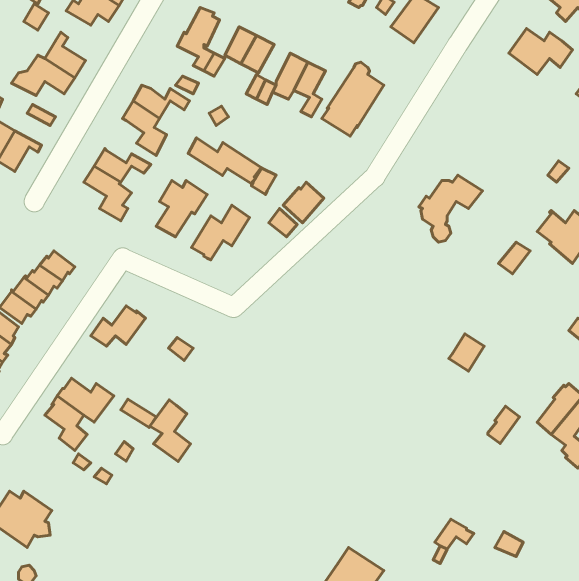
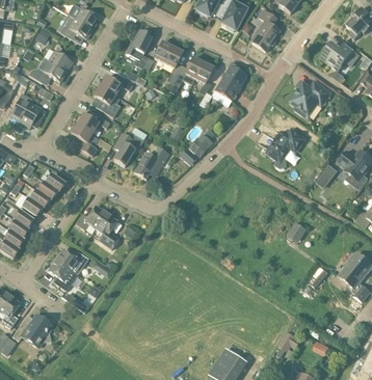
building: none -> [289,79,331,118]
building: [188,138,261,184] -> none
building: [150,400,190,462] -> [96,212,119,248]

